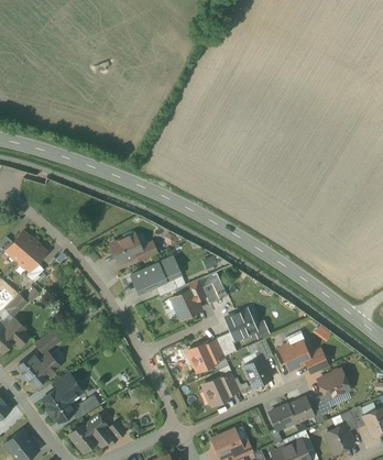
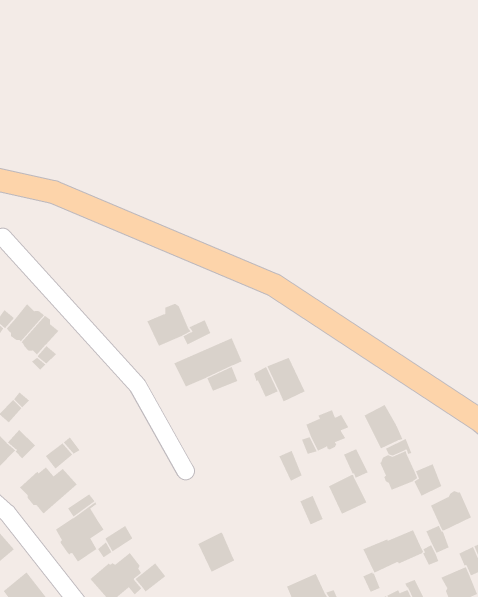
building: [171,288,200,319] -> none
building: none -> [364,404,403,449]
building: [188,342,216,371] -> none
building: [204,375,231,405] -> [198,532,235,572]

